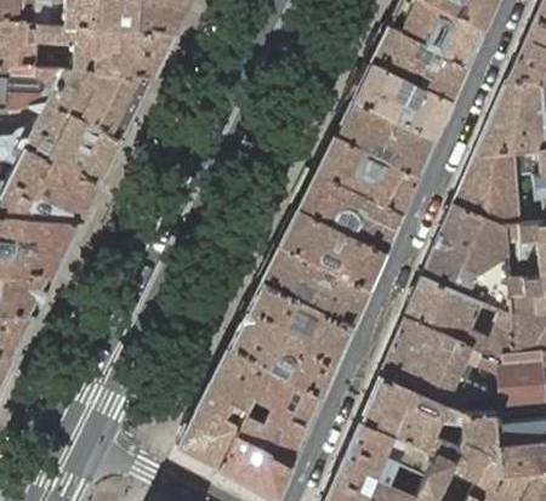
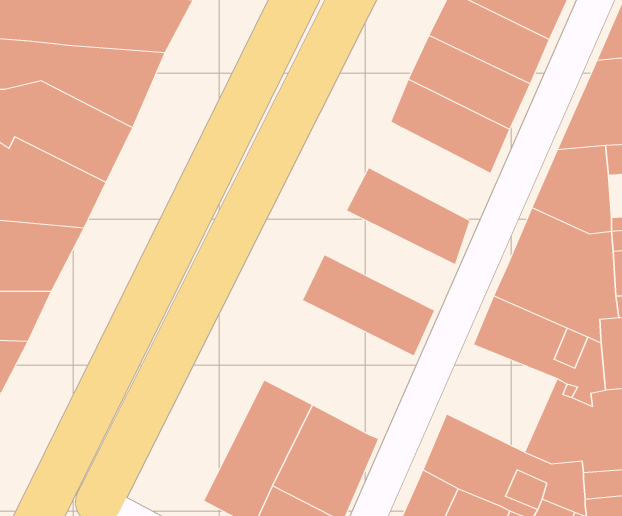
building: [315,136,416,217] -> none
building: [279,209,387,291] -> none
building: [229,283,353,397] -> none
building: [380,319,471,408] -> none

